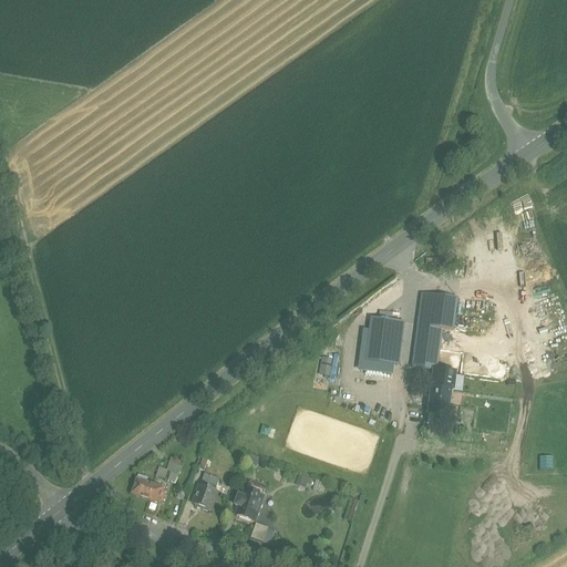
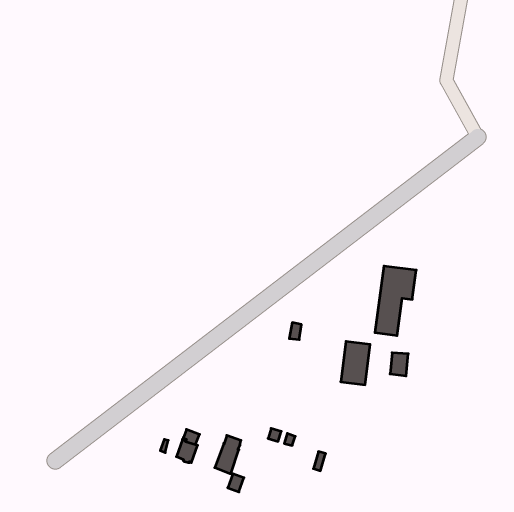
building: [365,316,398,363] -> [341,341,370,385]
building: [132,473,166,502] -> none

